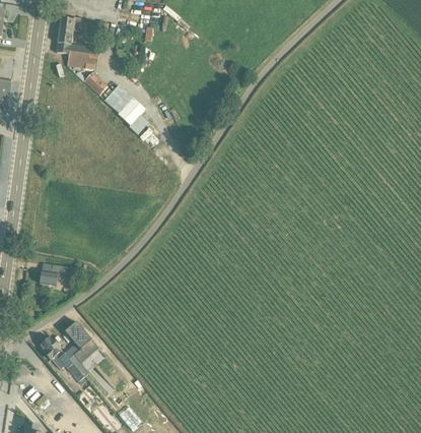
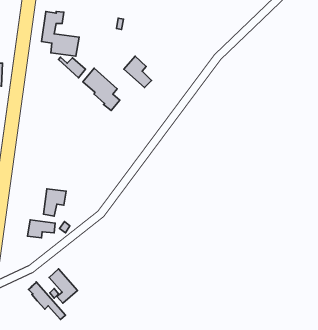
building: none -> [124,56,151,87]
building: none -> [43,189,66,216]

